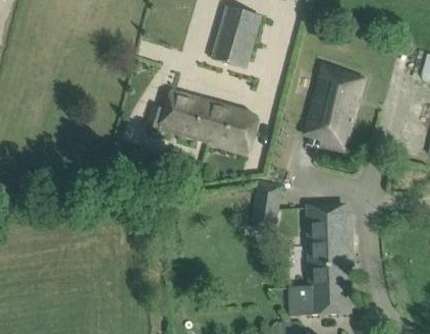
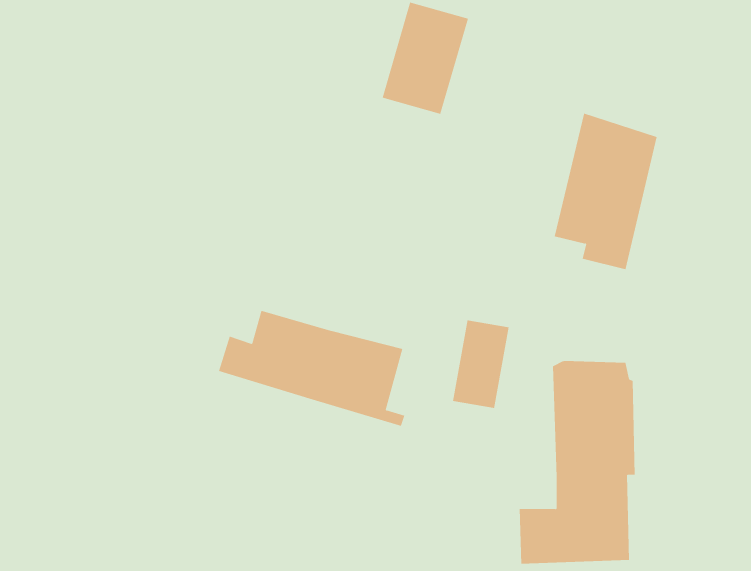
building: [146,90,249,154] -> [218,310,405,427]

